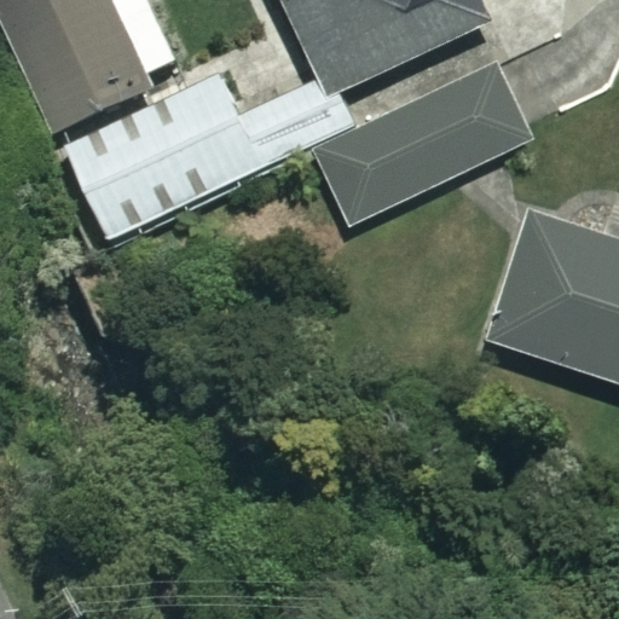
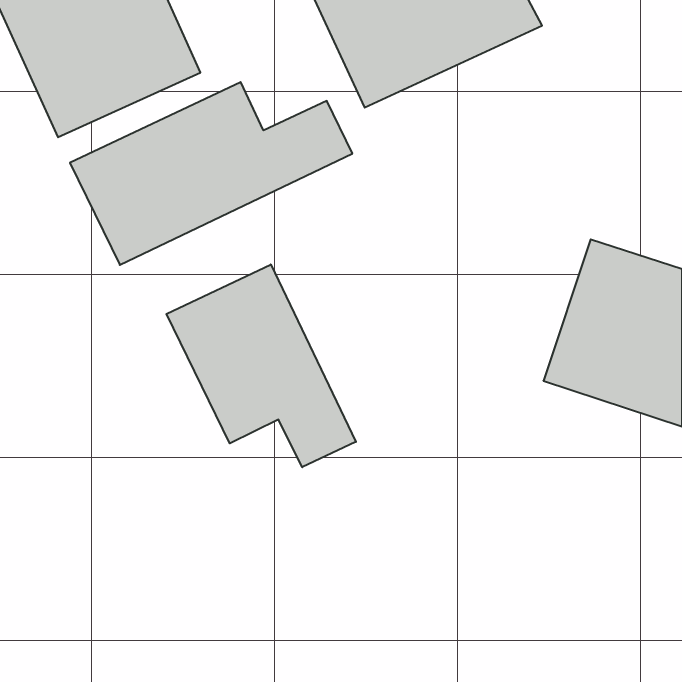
building: [313,68,522,224] -> none
building: none -> [166,264,356,467]

